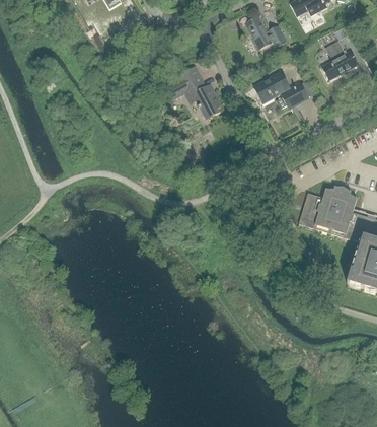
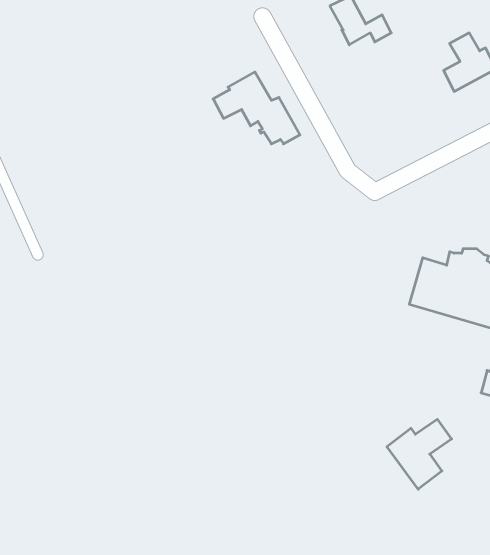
building: [254,70,309,109] -> none
building: none -> [387,419,452,489]

